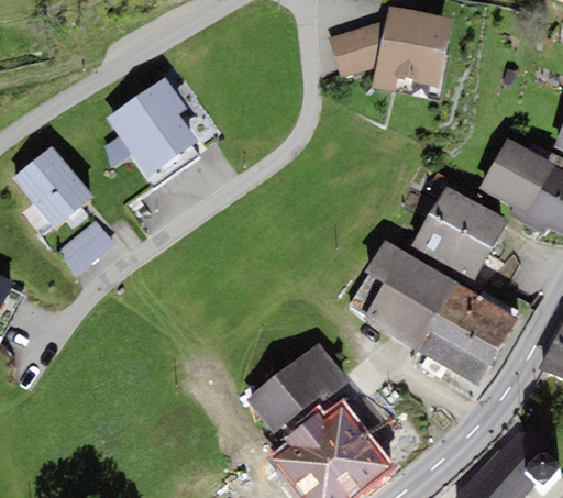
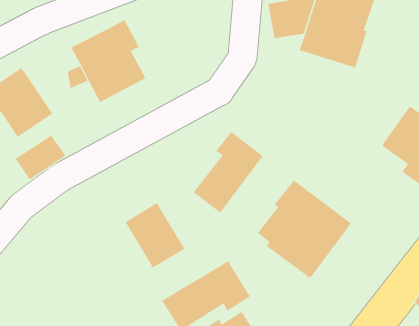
building: [412,186,507,279] -> none
building: none -> [193,131,264,214]
building: [417,281,518,386] -> none
building: none -> [125,202,185,269]

